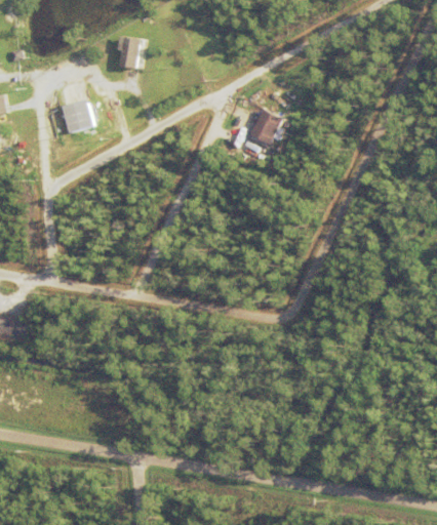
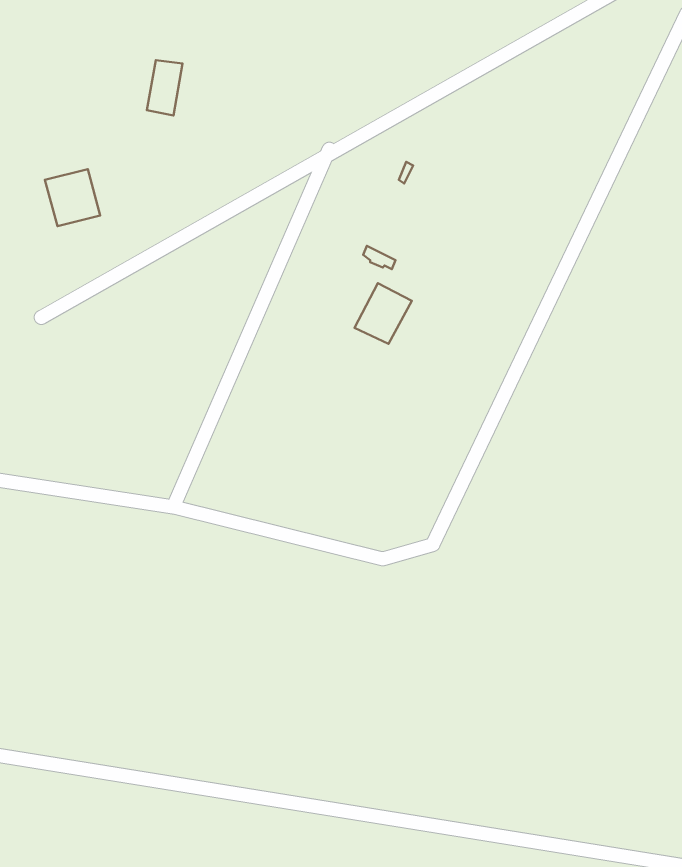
building: [248,110,281,145] -> [355,283,412,344]

